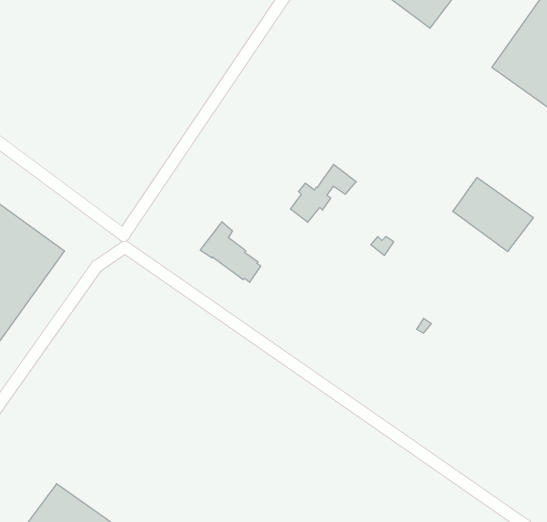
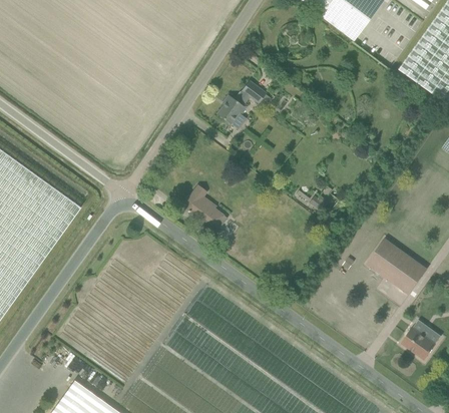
building: [290,164,356,222] -> [216,80,266,123]
building: [453,178,533,251] -> [367,239,427,294]
building: none -> [401,327,435,359]

